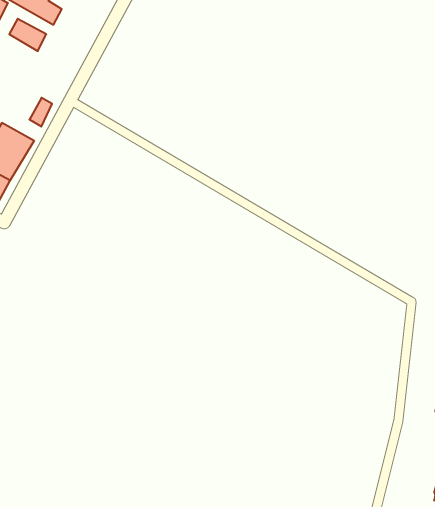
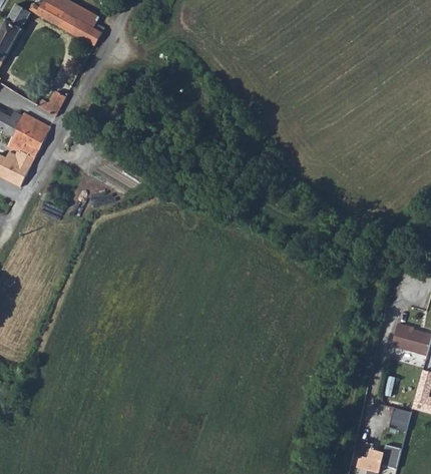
building: [9,19,46,51] -> [69,14,100,41]

